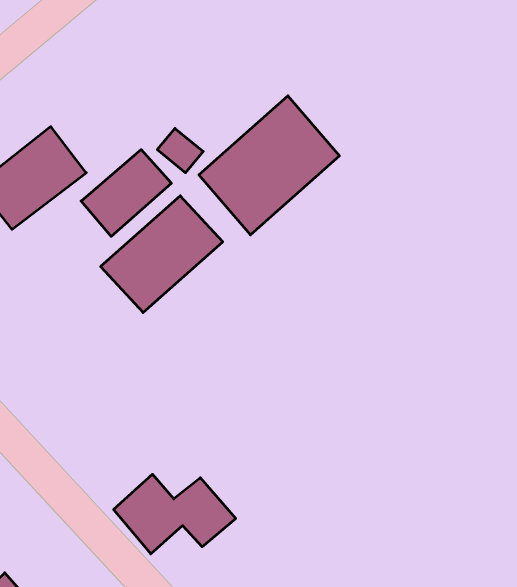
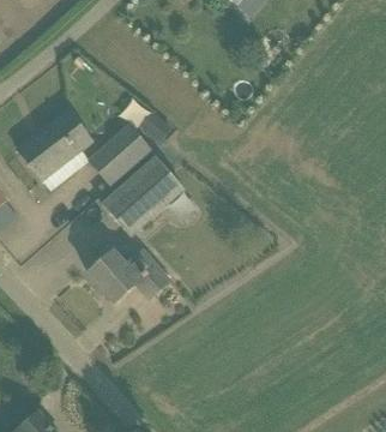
building: [199,96,339,235] -> none
building: [114,474,236,554] -> [88,248,170,302]

